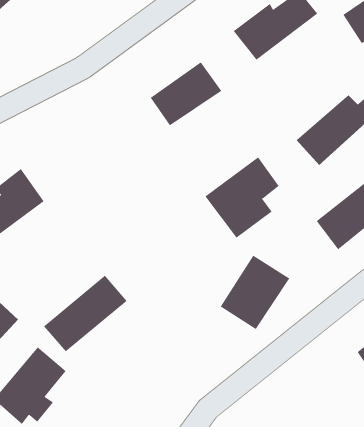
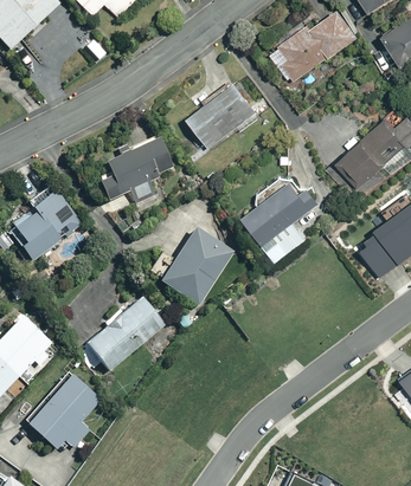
building: none -> [99,138,174,201]
building: [220,255,290,330] -> [163,229,235,305]

